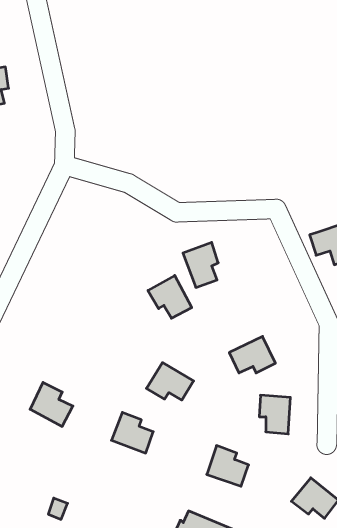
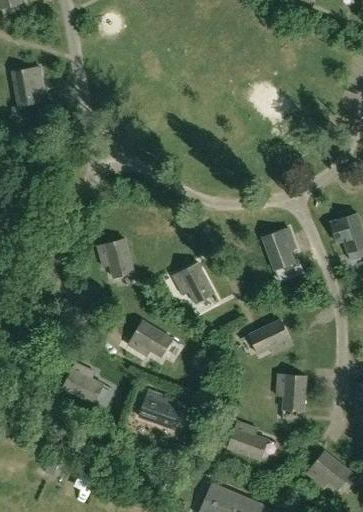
building: [183,242,218,287] -> [262,228,295,270]
building: none -> [98,240,134,278]
building: [146,363,194,400] -> [128,322,172,357]

